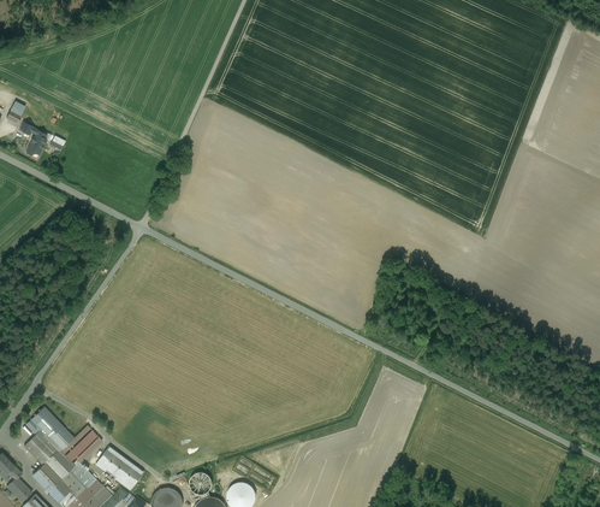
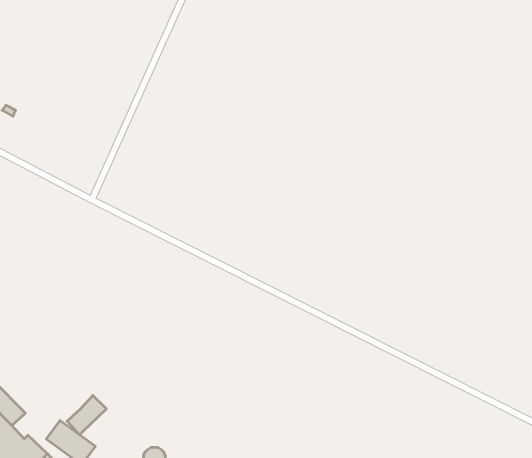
building: [61,425,100,464] -> [67,395,106,435]

